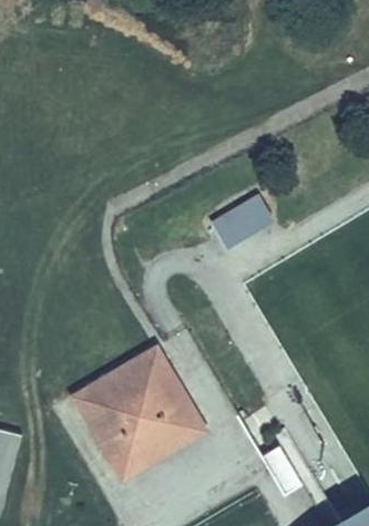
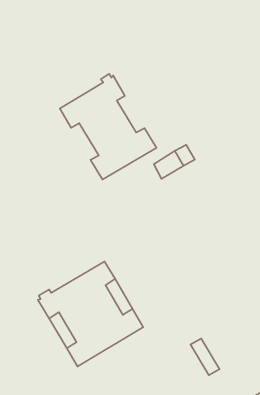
building: none -> [60,74,156,179]

